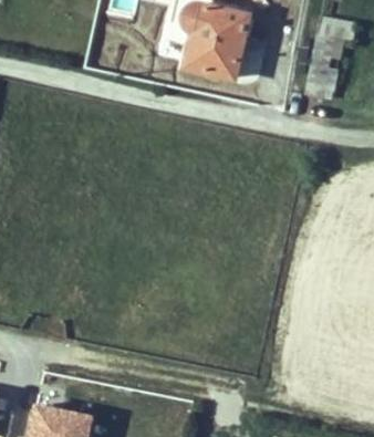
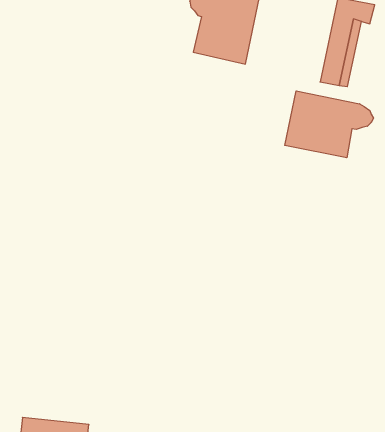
building: none -> [285,91,374,158]

